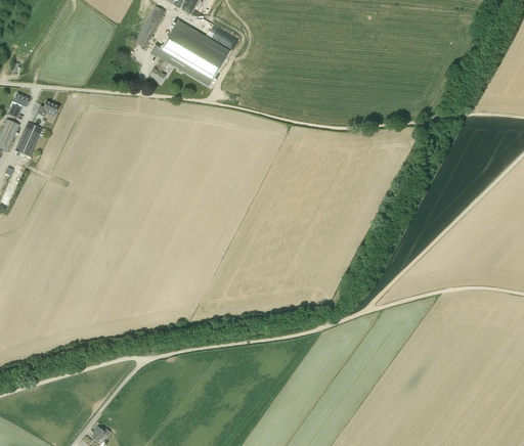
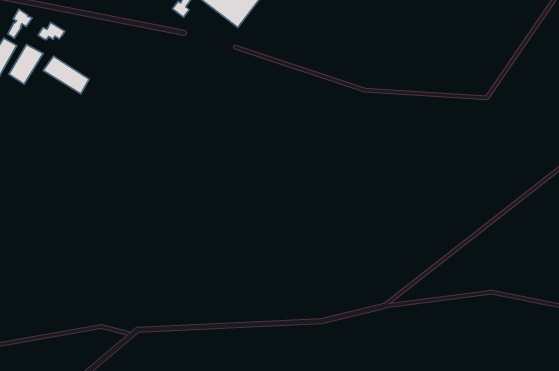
building: none -> [43,56,89,94]

